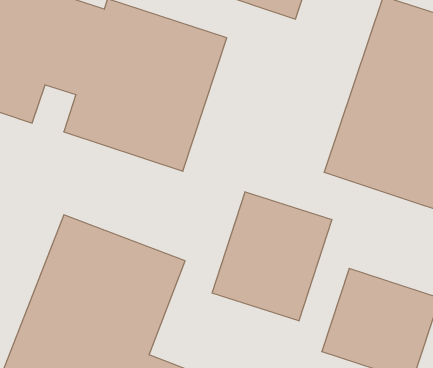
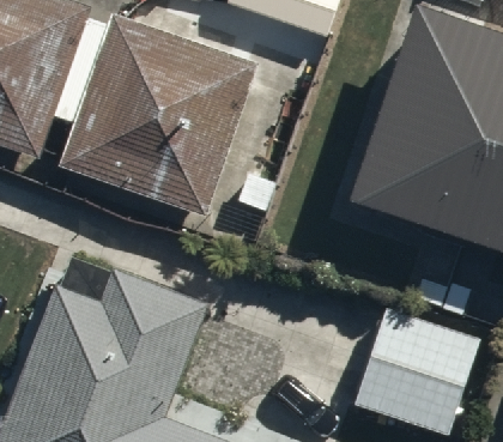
building: [212,192,332,321] -> none

